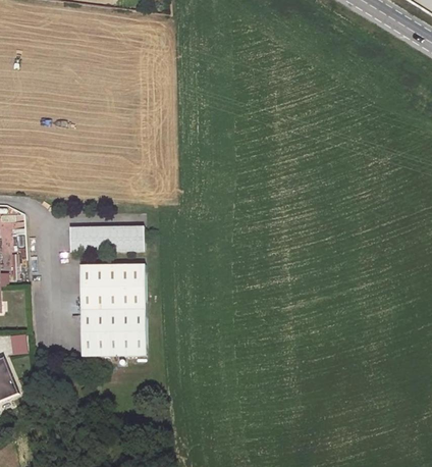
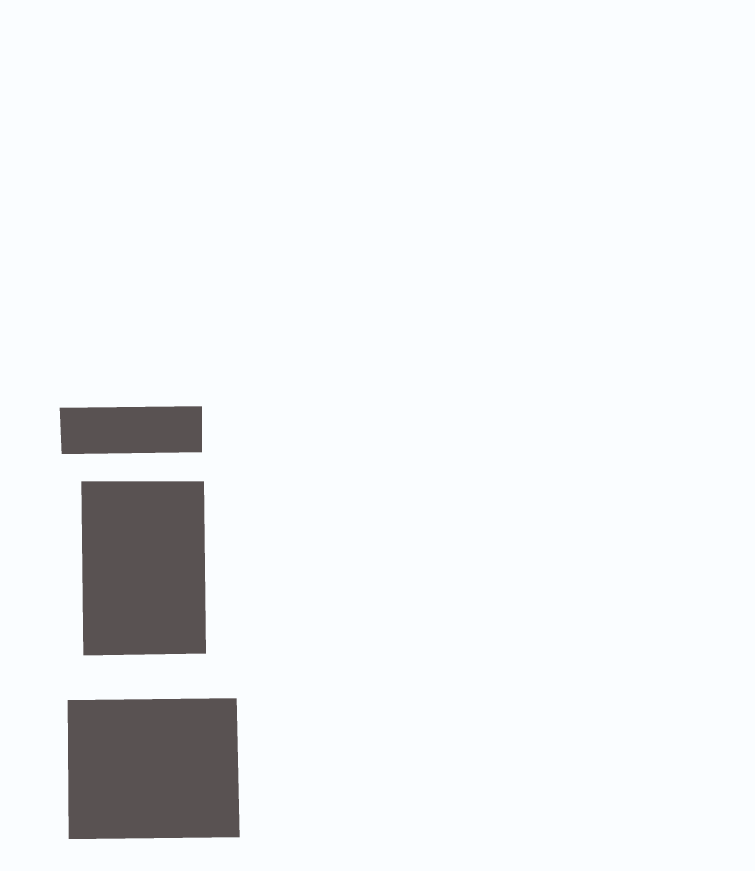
building: none -> [67,698,240,840]

